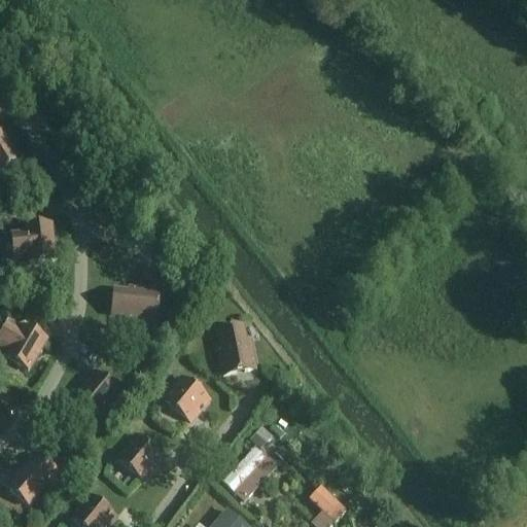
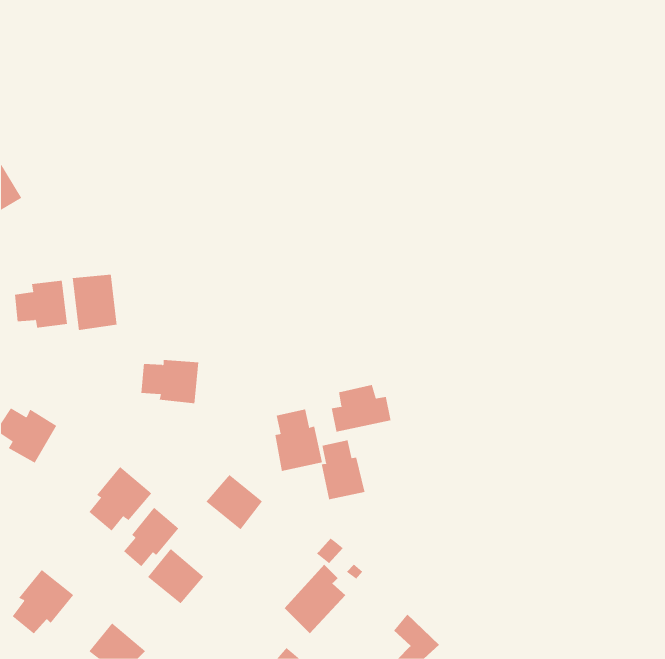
building: none -> [72,274,117,331]
building: none -> [331,384,391,432]
building: none -> [321,440,365,500]
building: none -> [123,507,179,567]

